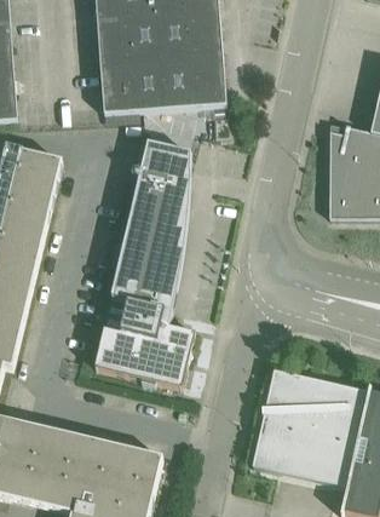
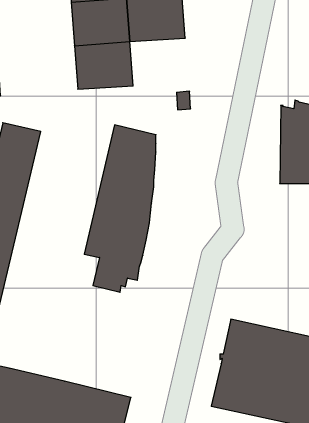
building: [161,54,226,108] -> none
building: [94,322,195,386] -> none

